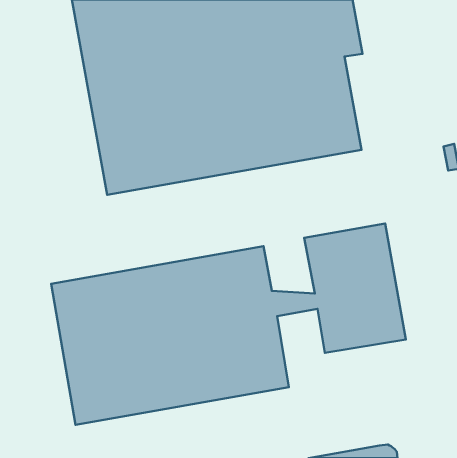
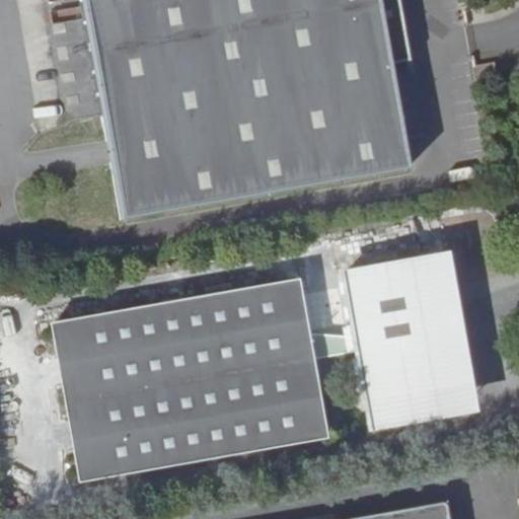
building: none -> [369,383,466,429]

